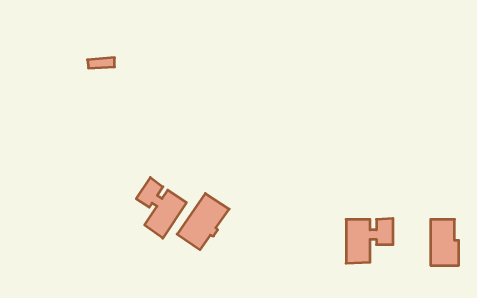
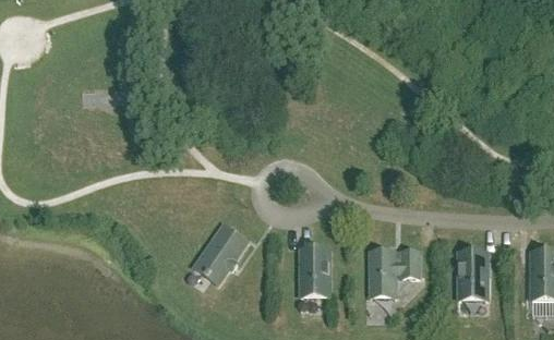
building: [136,177,186,238] -> none
building: none -> [300,247,329,295]

